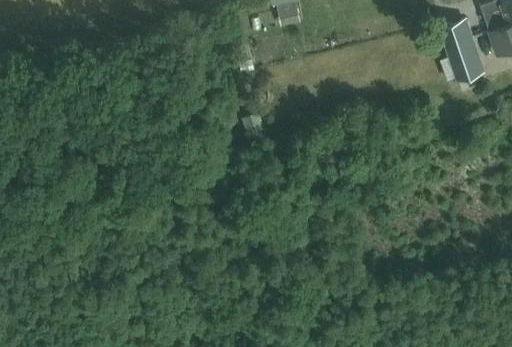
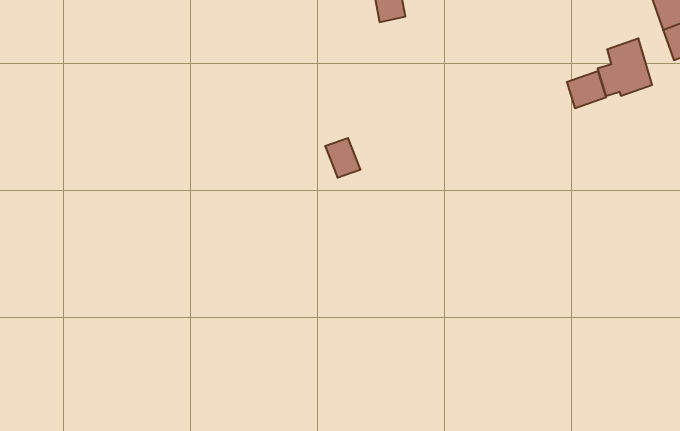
building: [443,19,472,46] -> [567,71,606,108]

